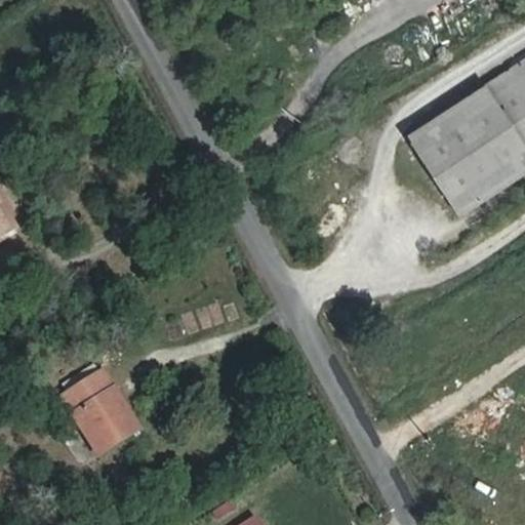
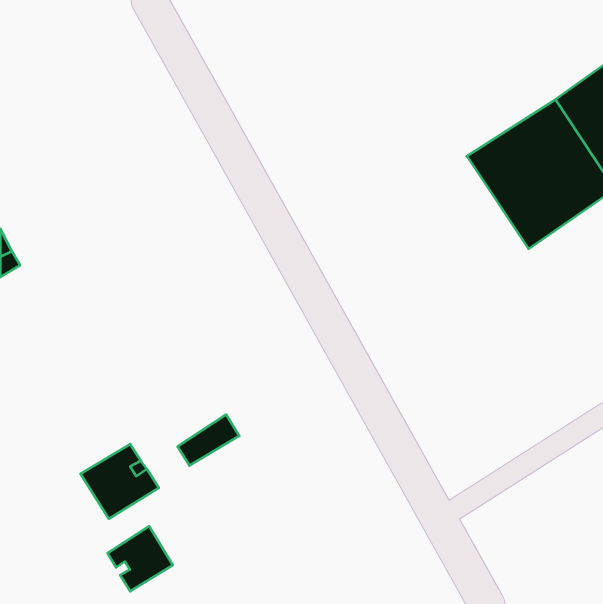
building: [62,367,115,411] -> [178,415,239,466]
building: none -> [108,526,173,591]

